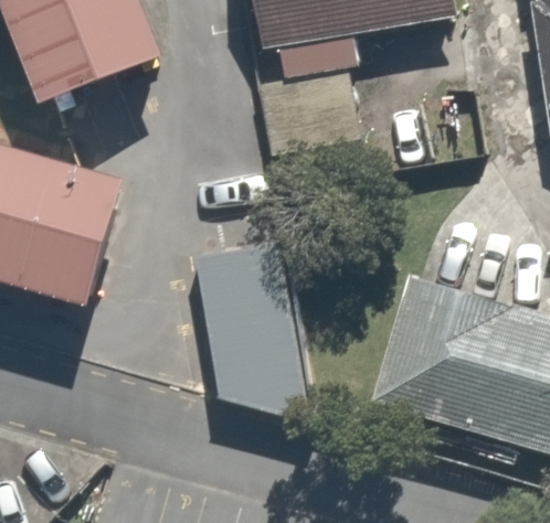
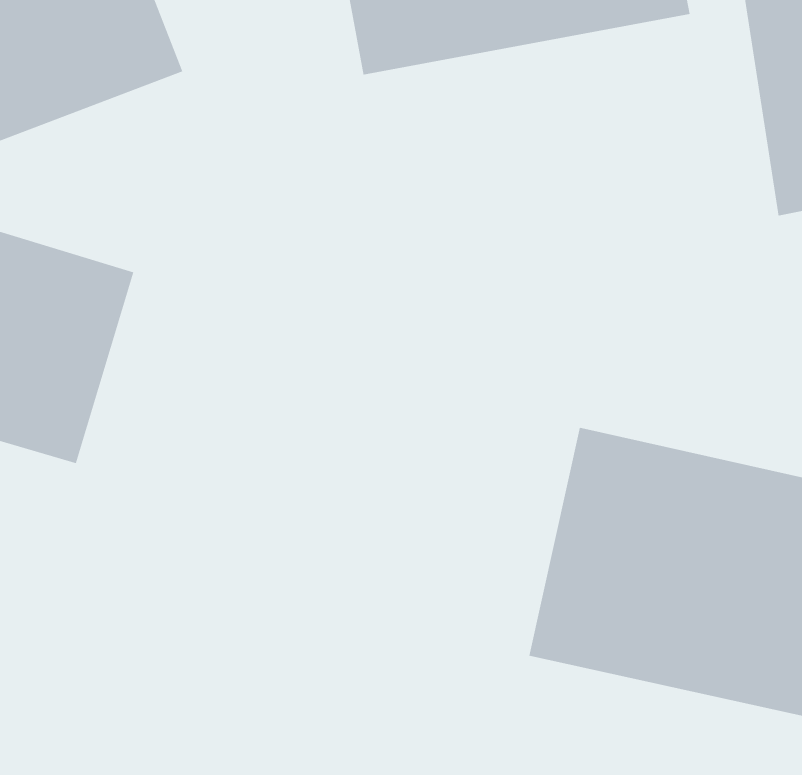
building: [193,236,322,433] -> none

